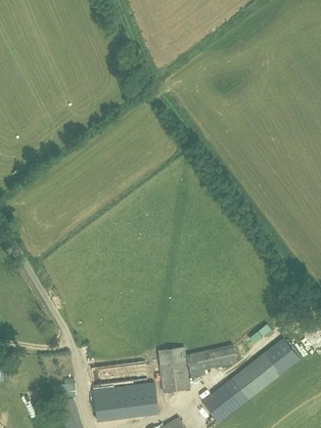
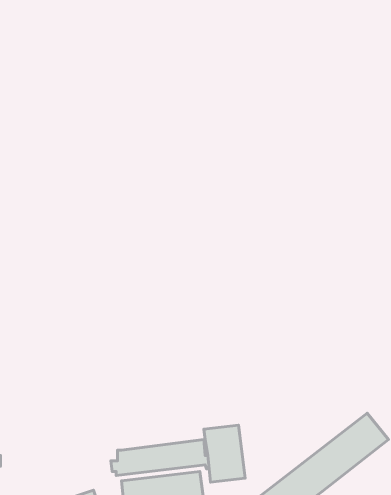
building: [186,345,236,377] -> none

